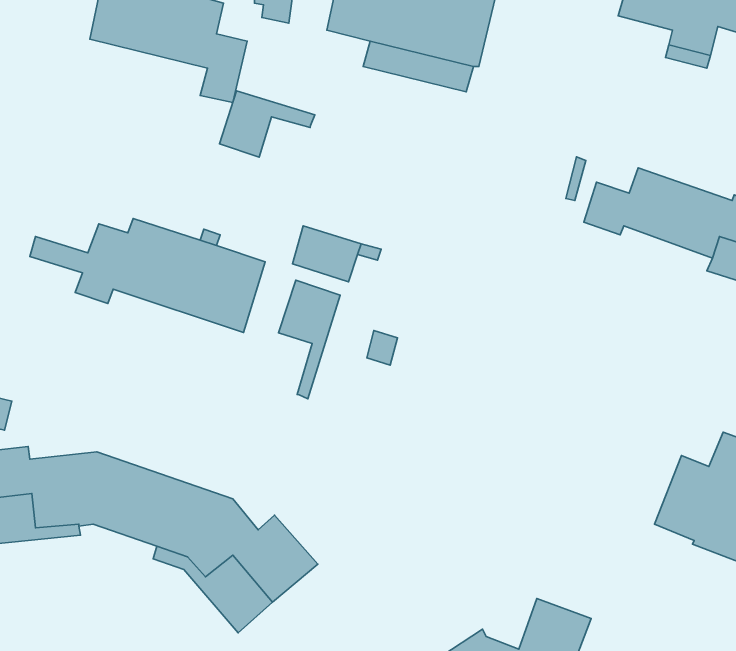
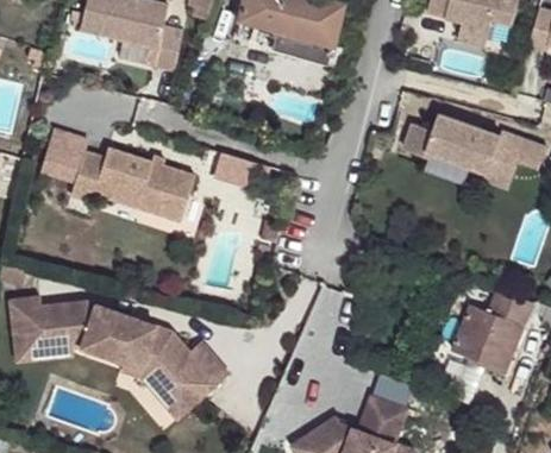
building: [219,91,315,157] -> none
building: none -> [43,130,87,169]
building: [278,280,340,399] -> none

